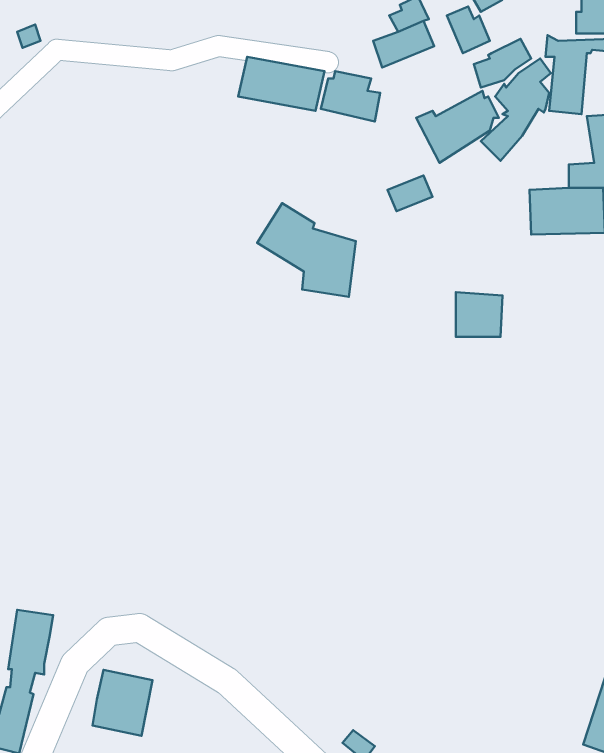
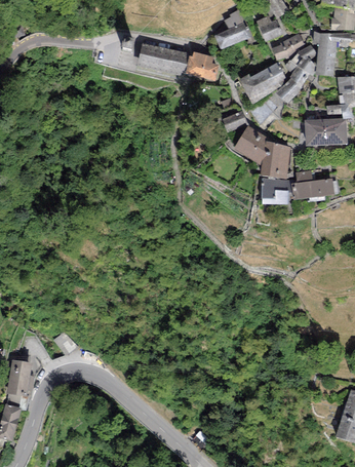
building: [257,203,356,297] -> [234,125,290,179]
building: none -> [290,169,333,199]
building: [93,670,153,736] -> none

